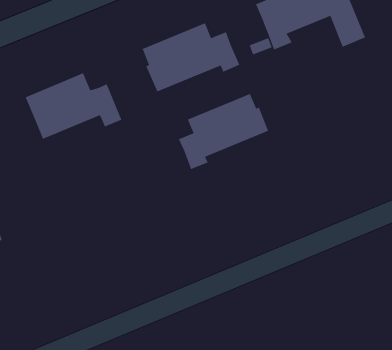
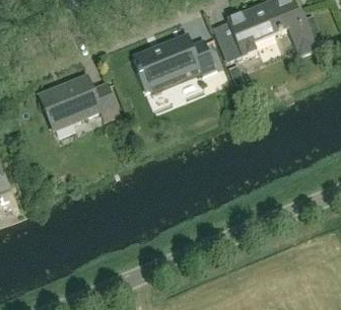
building: [178,93,269,170] -> none

